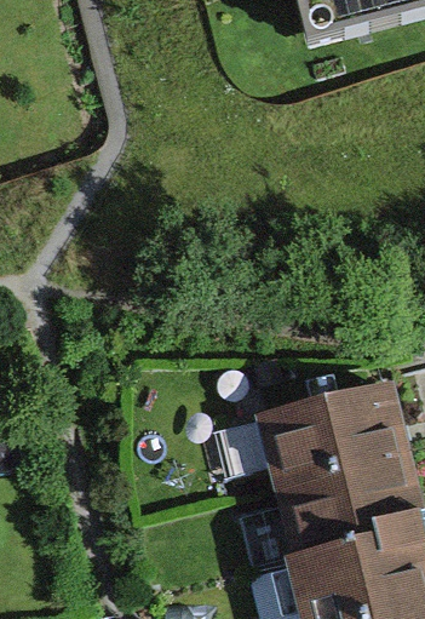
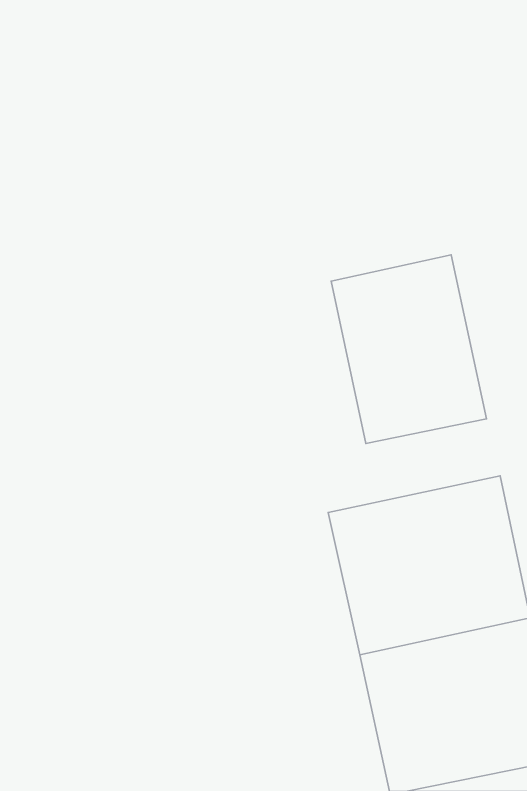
building: none -> [331,255,486,444]

